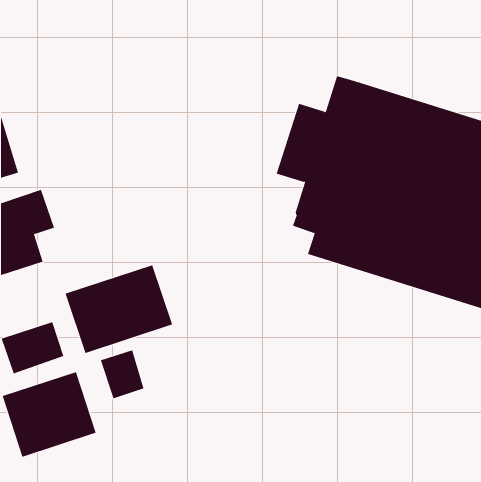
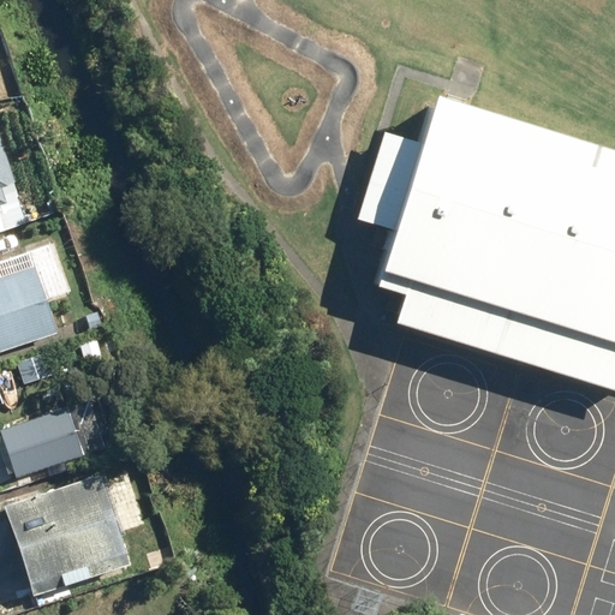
building: [65,264,173,354] -> none
building: [100,350,144,399] -> none

